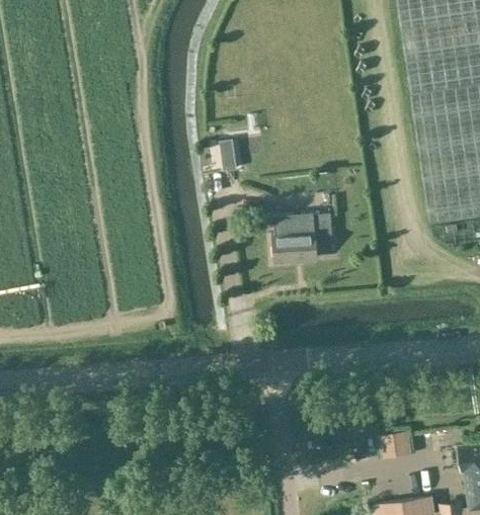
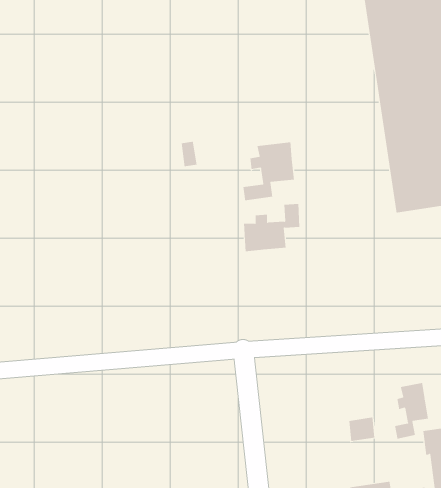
building: none -> [243,141,295,201]
building: none -> [394,382,428,440]

